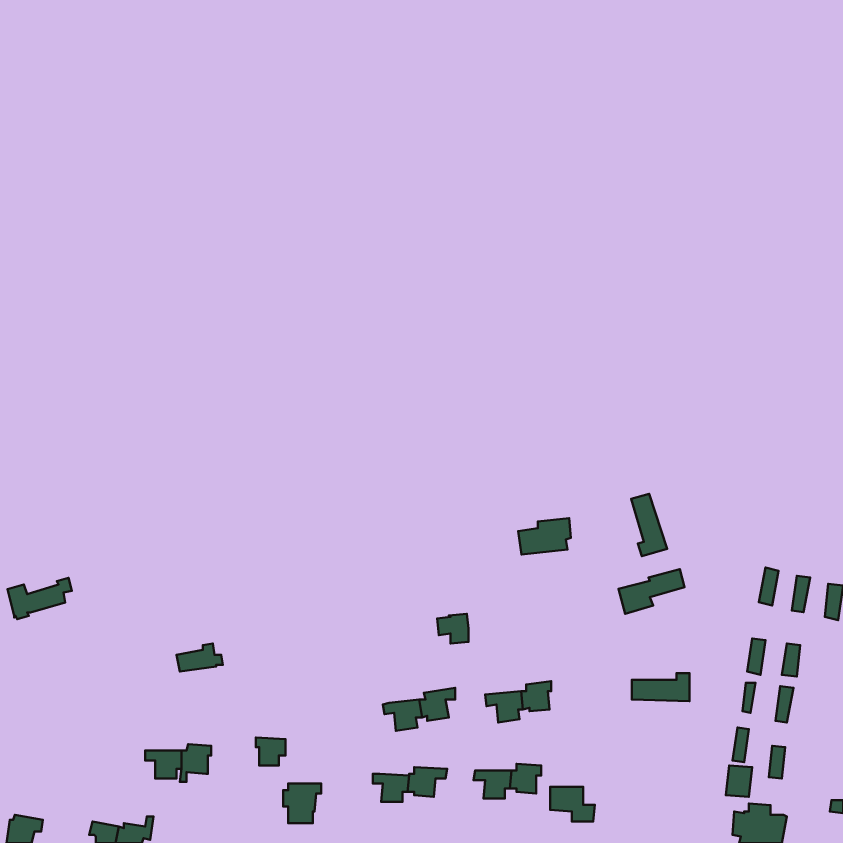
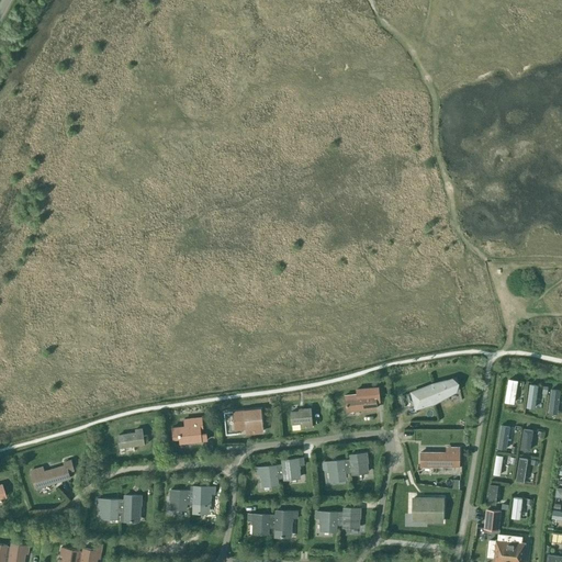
building: [631,494,667,556] -> none
building: [518,518,571,554] -> [344,387,379,412]
building: [7,578,72,619] -> [31,461,74,488]
building: none -> [234,409,263,432]
building: none -> [171,416,206,442]
building: [283,784,321,823] -> [190,487,215,514]
building: [550,787,595,821] -> [413,498,442,521]

